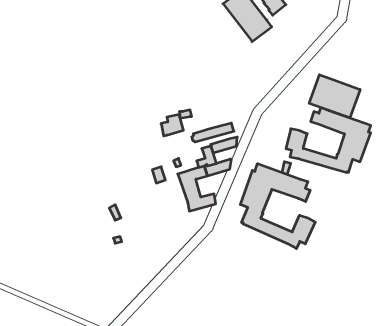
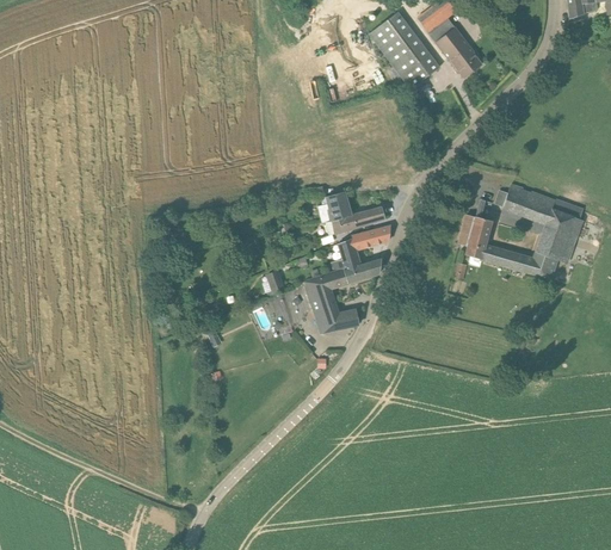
building: none -> [442,35,482,78]
building: [309,75,360,118] -> none
building: [161,115,183,136] -> [319,192,351,223]
building: [240,164,315,249] -> none

